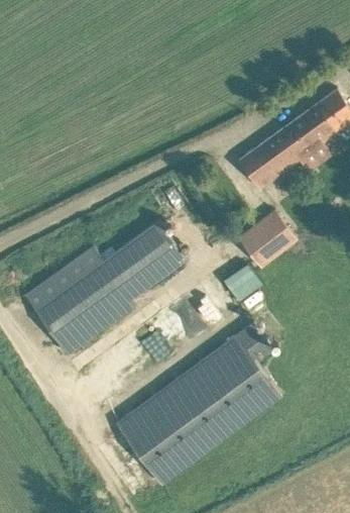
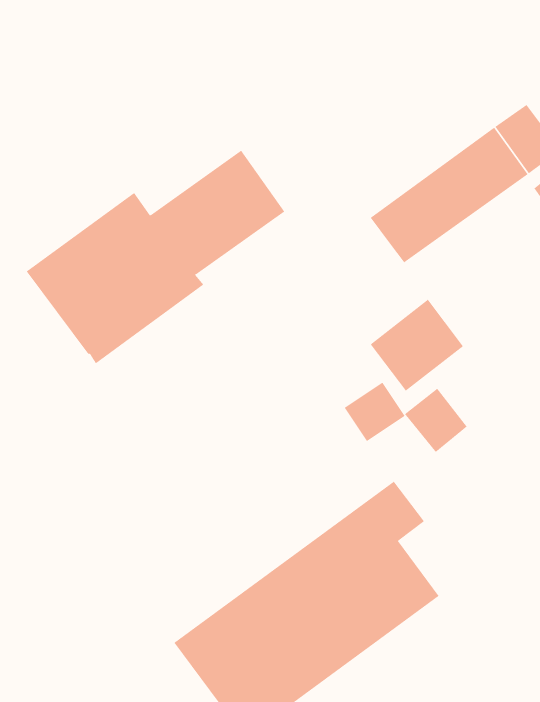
building: [24,221,186,354] -> [26,150,285,364]
building: none -> [404,388,467,453]

